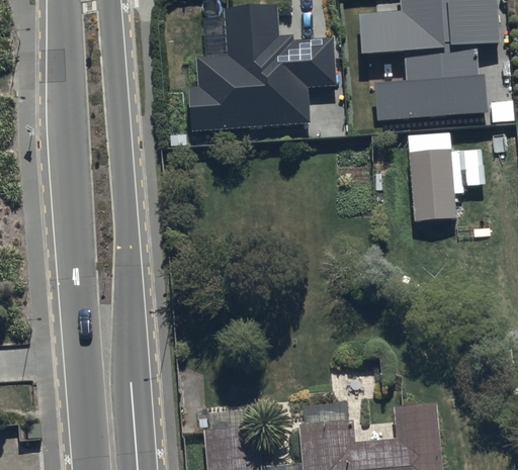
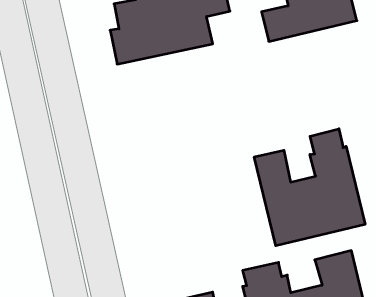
building: [407,133,484,217] -> none
building: none -> [254,129,365,246]

